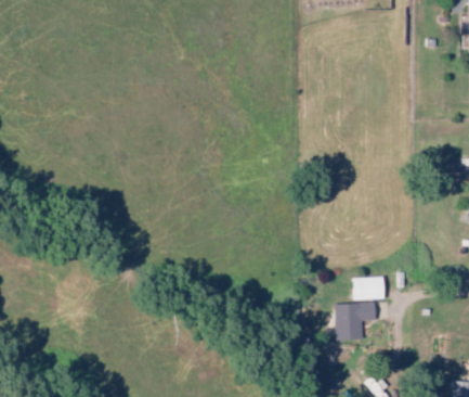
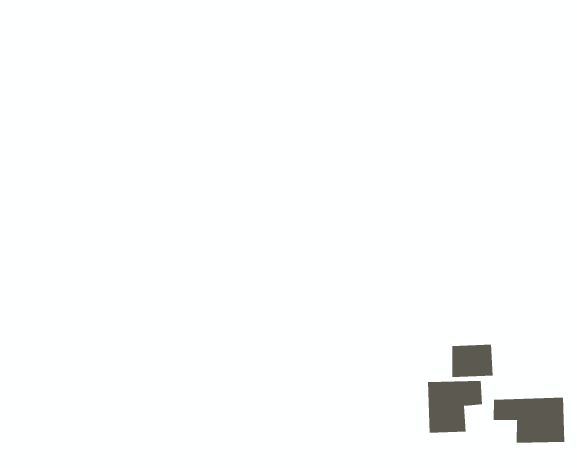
building: none -> [493,397,565,444]

